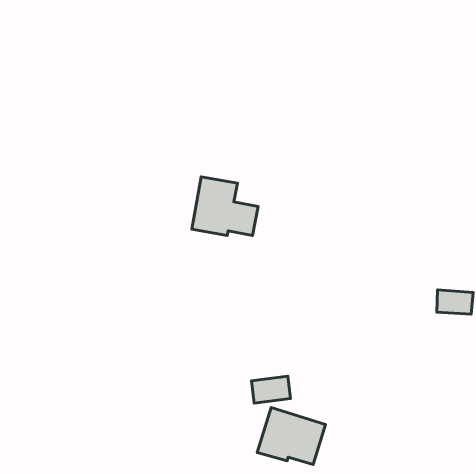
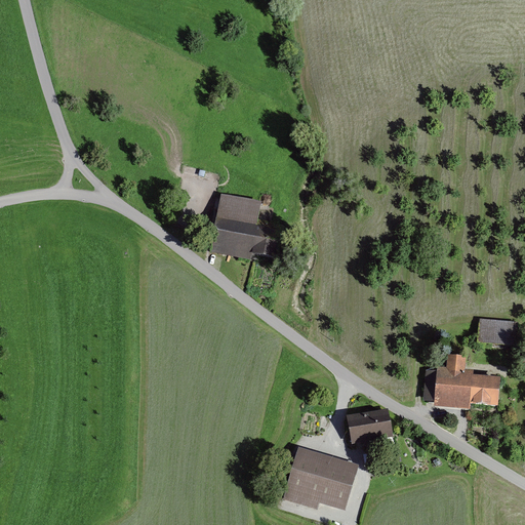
building: none -> [423,354,500,408]
building: [251,376,291,403] -> [348,411,391,441]

